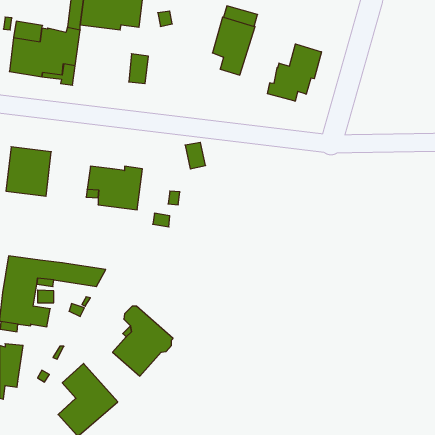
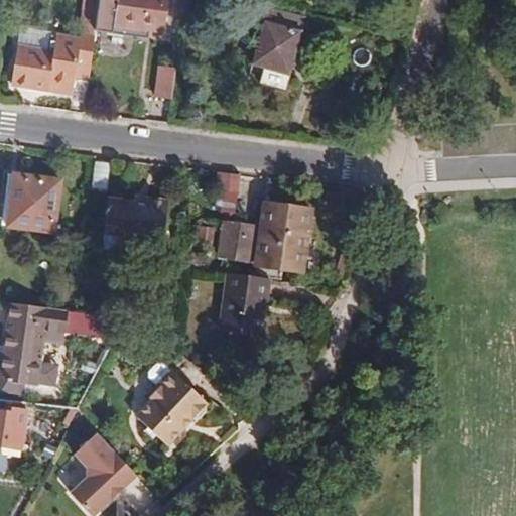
building: [268,44,321,101] -> none
building: none -> [254,201,312,273]
building: none -> [217,221,254,261]
building: none -> [219,272,270,337]

